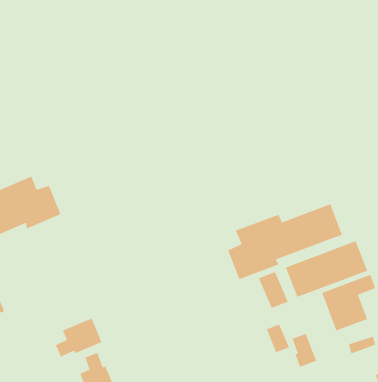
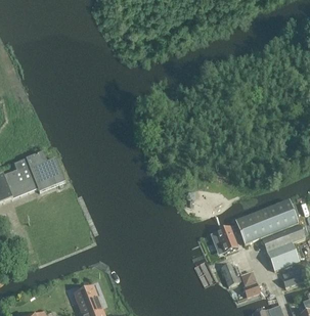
building: [227,203,343,280] -> none
building: [55,318,103,358] -> none

